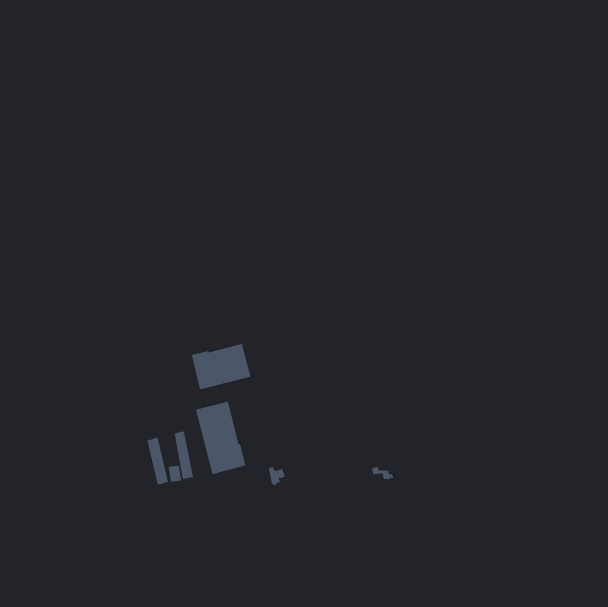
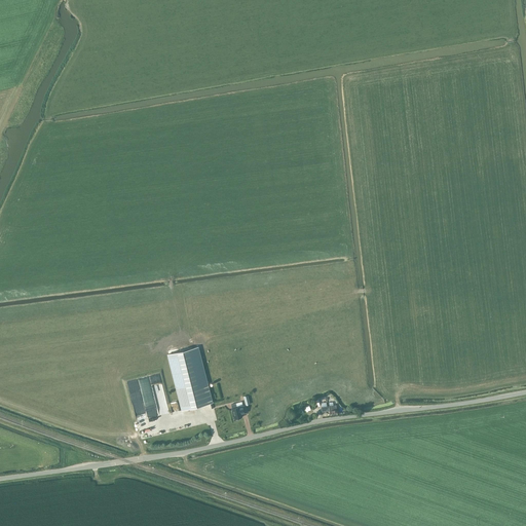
building: [191,343,251,390] -> none

